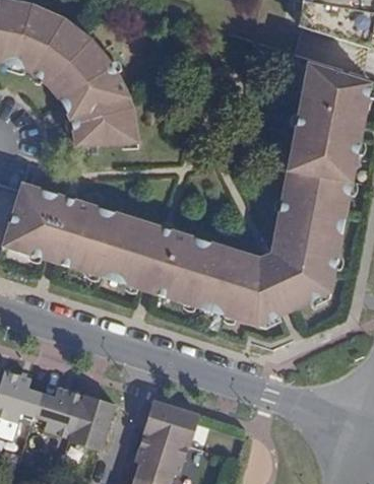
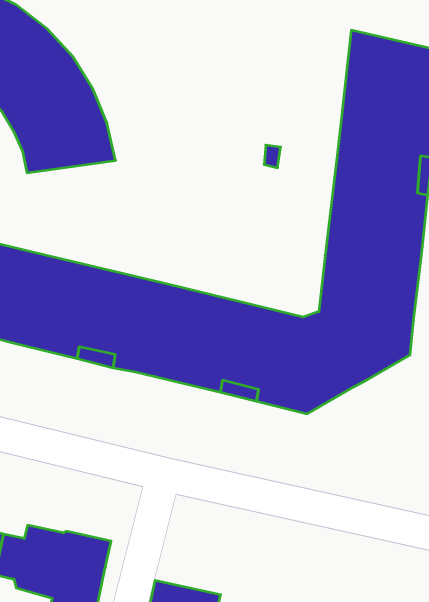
building: [143,399,200,445] -> none

